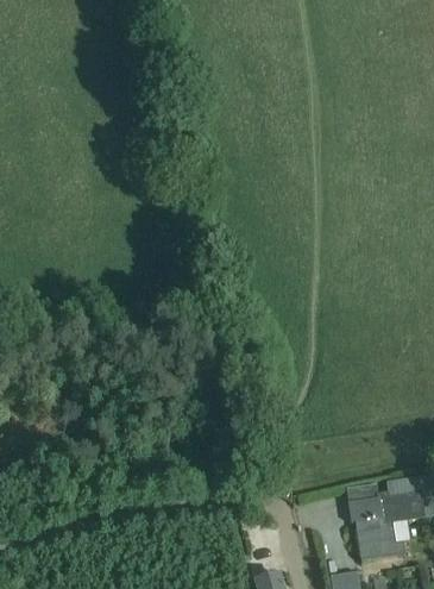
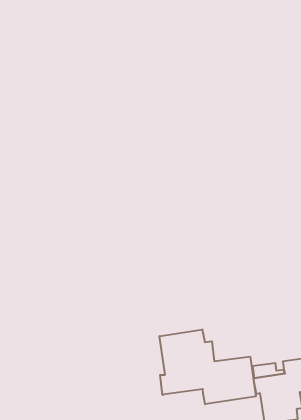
building: none -> [160,329,256,404]

